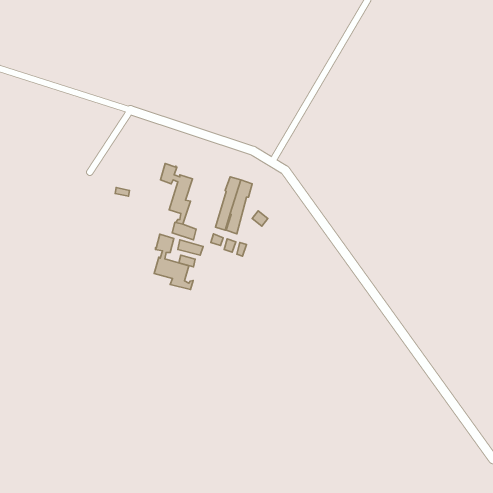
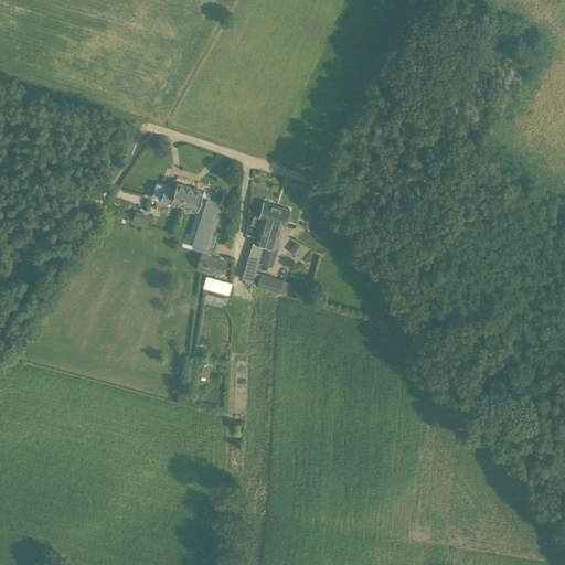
building: none -> [151,183,189,206]
building: [154,234,193,289] -> none

